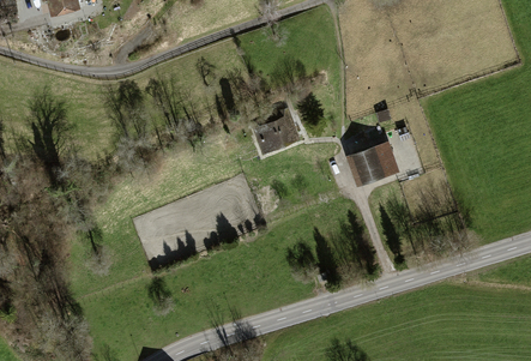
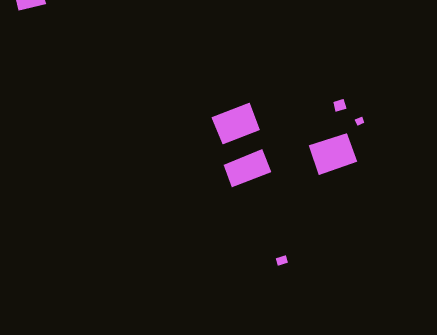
building: none -> [223,148,272,188]

